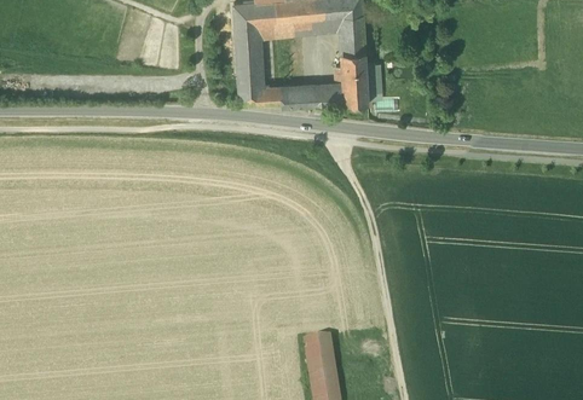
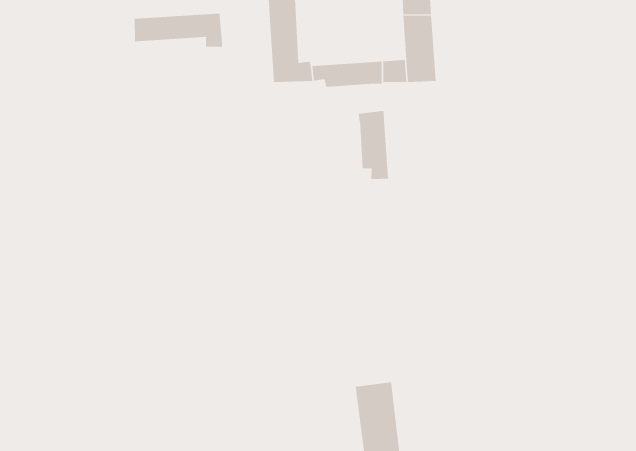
building: none -> [134,13,223,48]
building: none -> [358,110,389,180]

